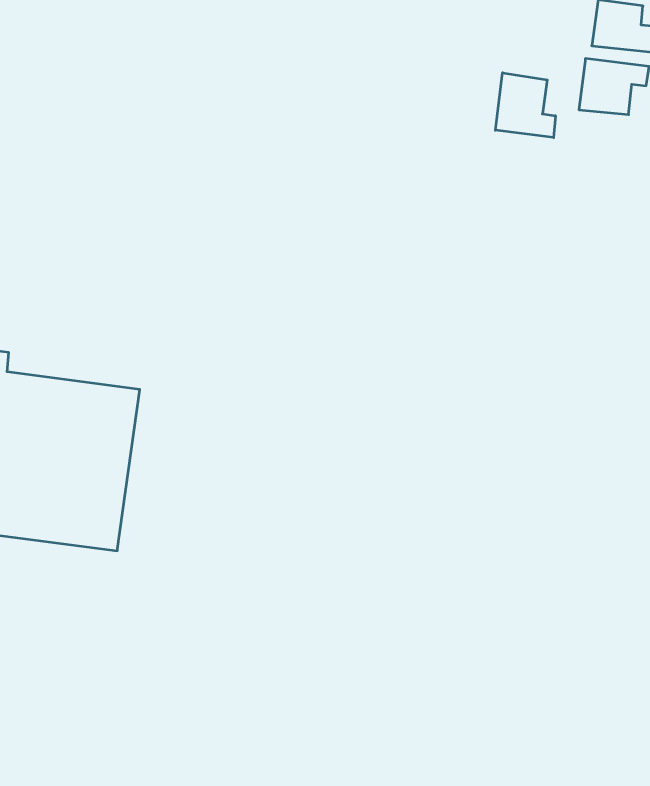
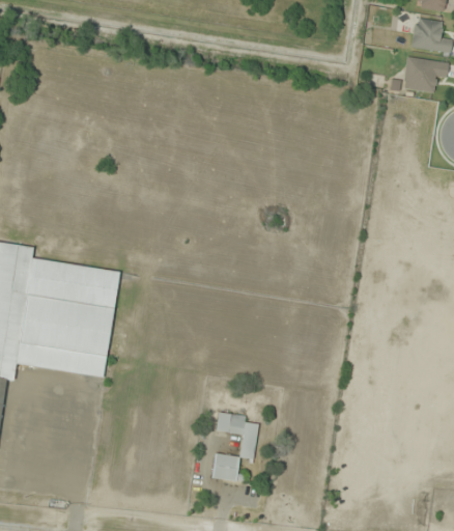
building: [495,73,555,138] -> none
building: none -> [211,412,258,481]

